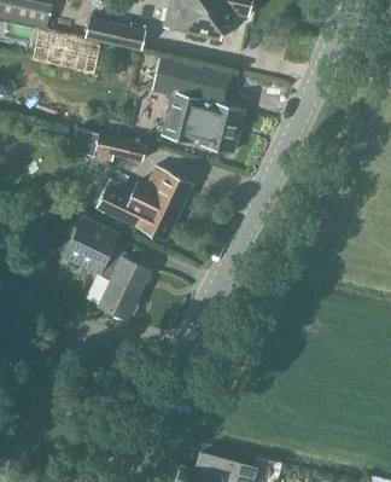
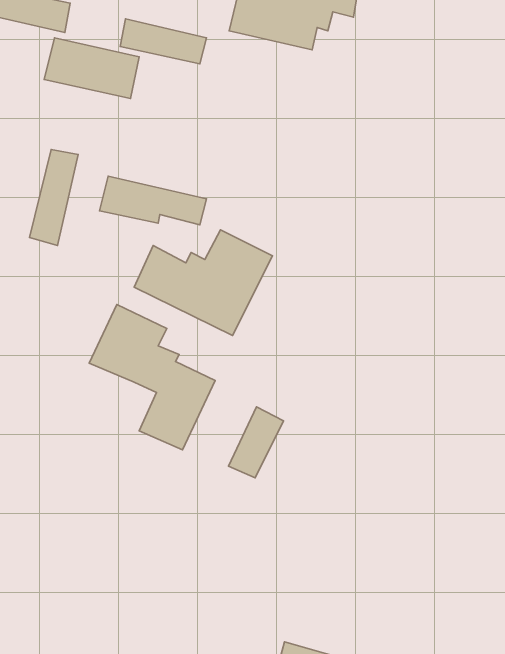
building: [151,59,244,151] -> none
building: none -> [30,149,78,245]
building: none -> [228,407,284,478]

